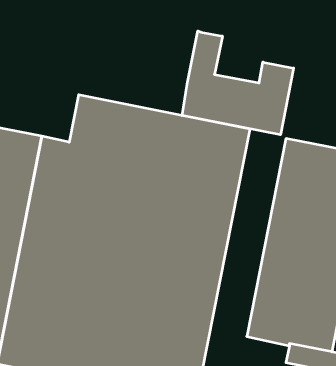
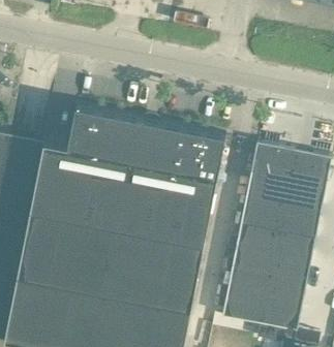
building: [182,31,294,135] -> none

